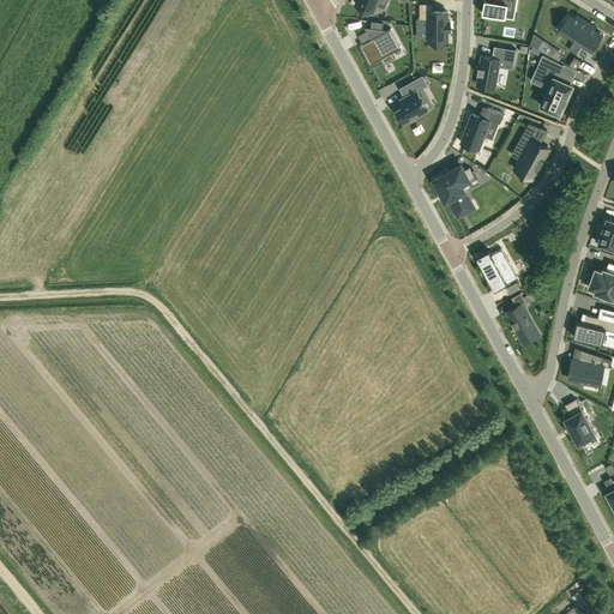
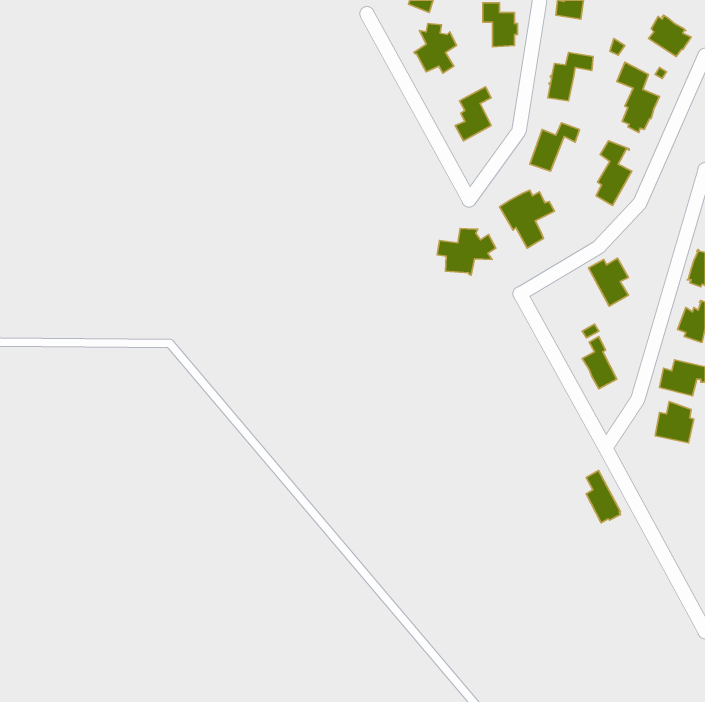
building: none -> [437,228,496,275]
building: [476,251,511,293] -> [589,258,629,306]
building: [565,401,595,446] -> [586,471,621,523]

